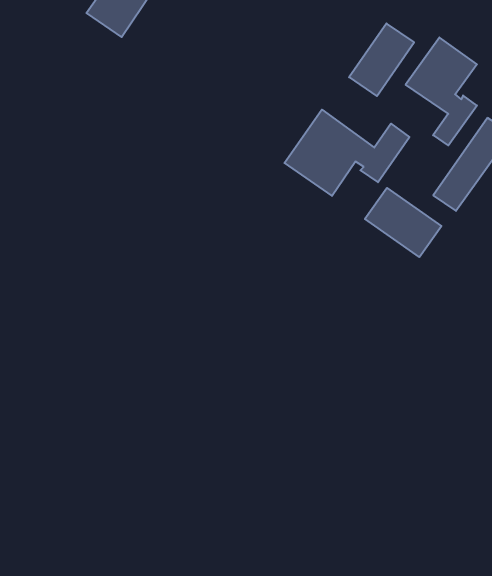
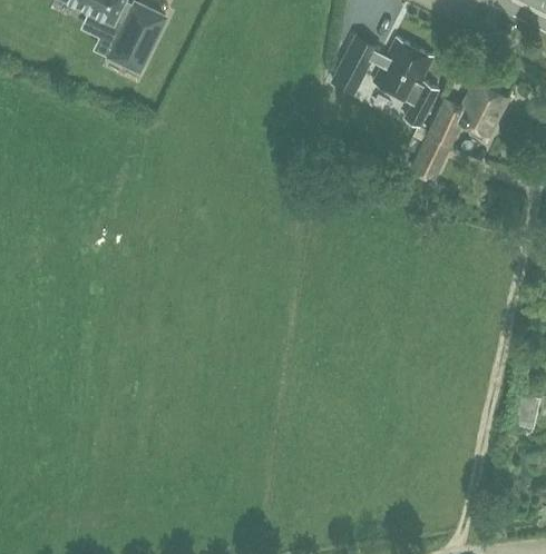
building: [284,110,409,196] -> none
building: [365,188,441,257] -> none

